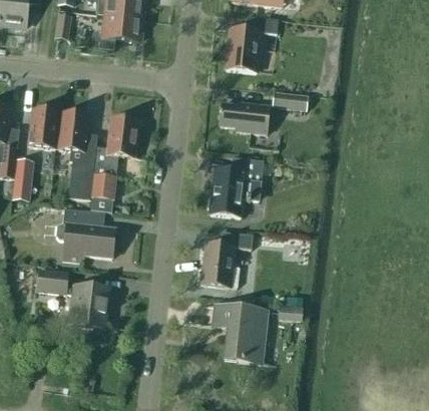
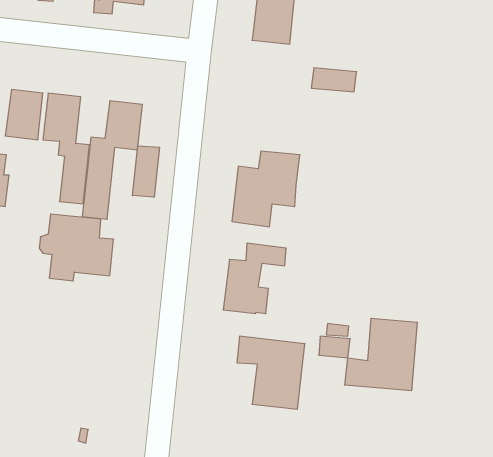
building: [219,102,269,134] -> none
building: none -> [132,146,160,197]
building: [35,269,68,295] -> none
building: [70,285,107,326] -> none
building: none -> [345,318,417,391]

